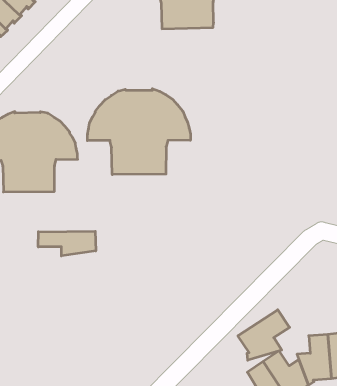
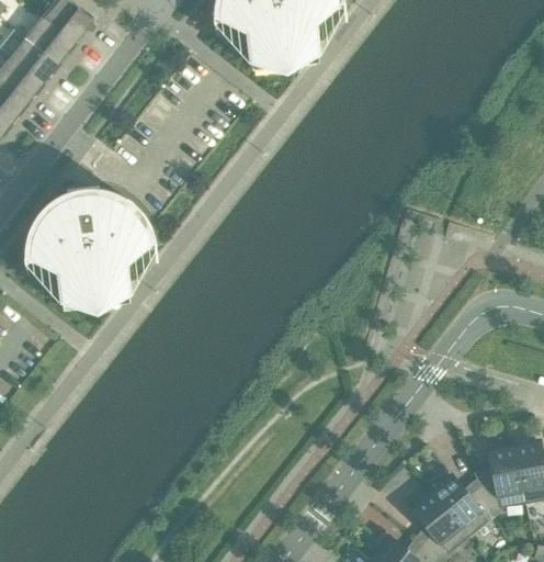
building: [87,89,191,175] -> none
building: [38,231,96,256] -> none
building: [238,310,290,360] -> none

